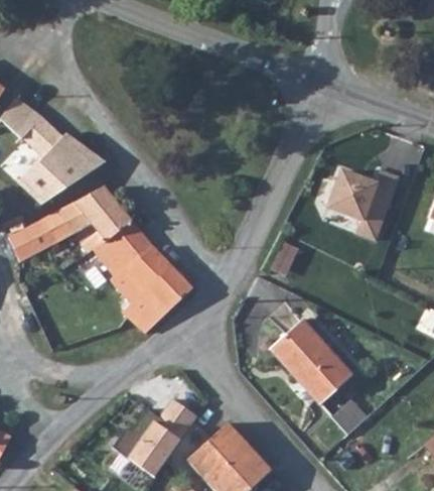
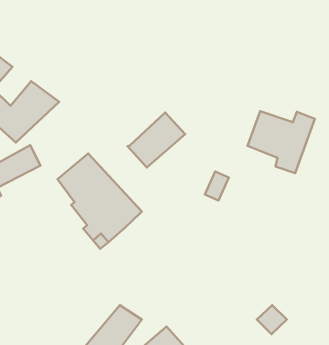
building: none -> [128,113,185,167]
building: [74,185,131,248] -> none
building: [274,323,352,403] -> none

